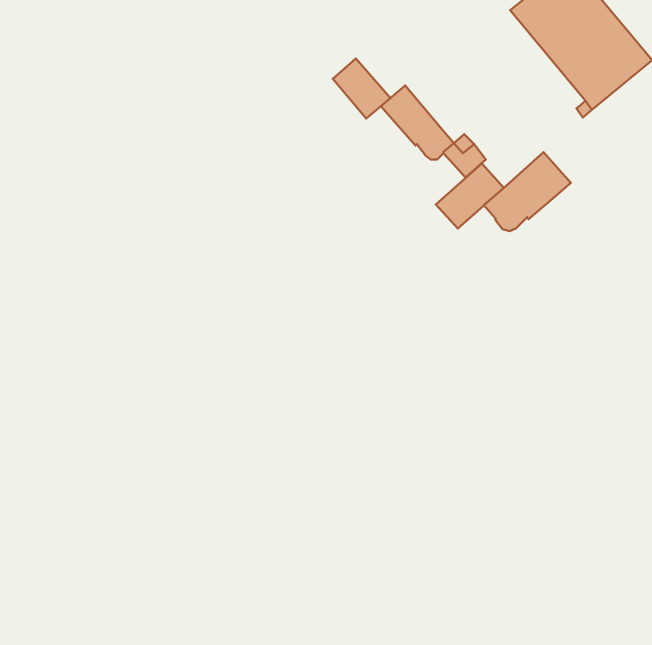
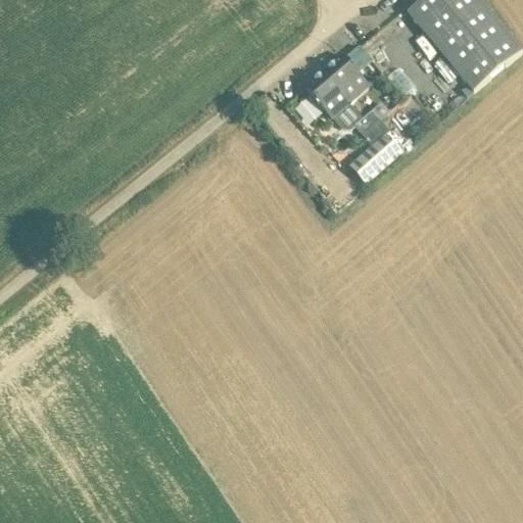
building: [333,58,390,119] -> [324,52,370,100]
building: [484,152,571,231] -> none

